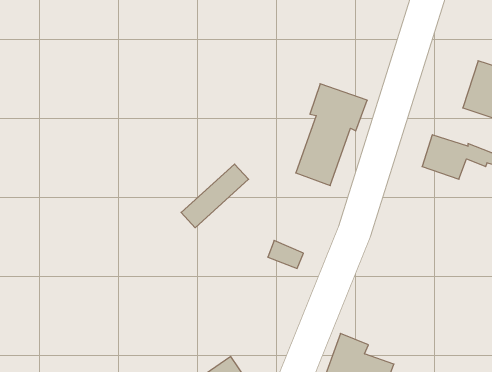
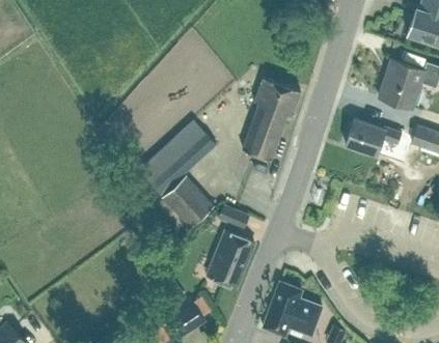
building: none -> [139,120,216,182]
building: none -> [163,176,213,227]
building: none -> [207,231,253,287]

